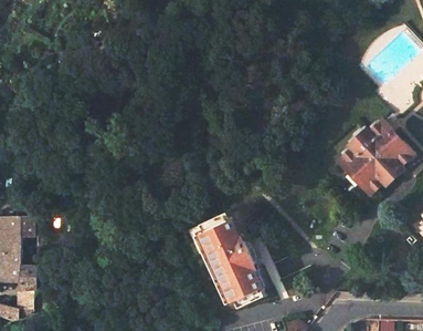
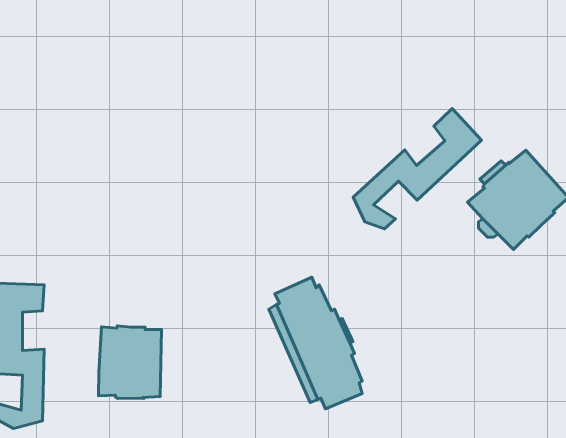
building: none -> [353,109,482,229]
building: none -> [98,326,161,399]

